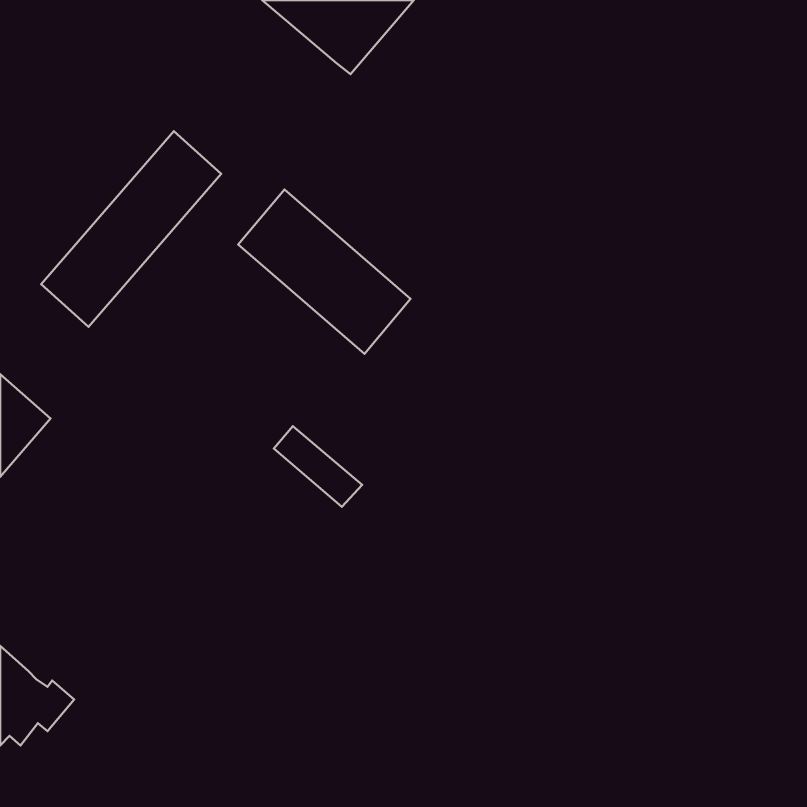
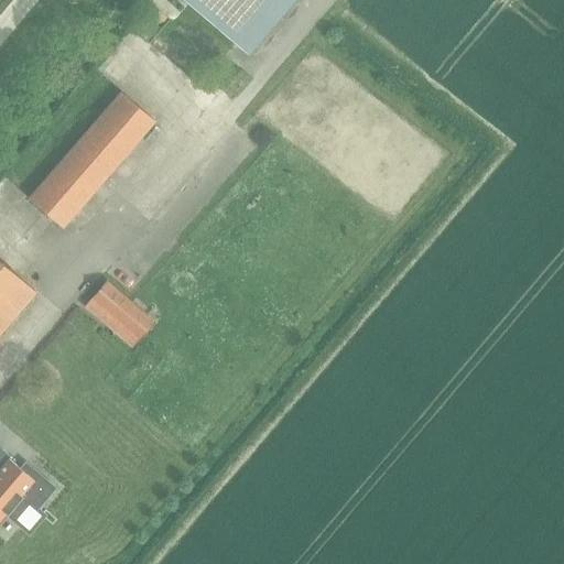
building: [238,190,411,354] -> none
building: [274,426,362,507] -> [94,281,155,337]

